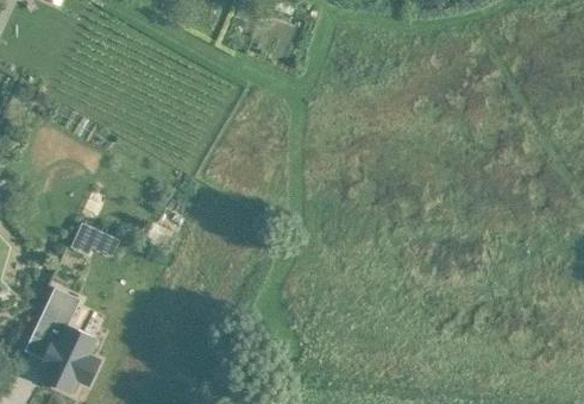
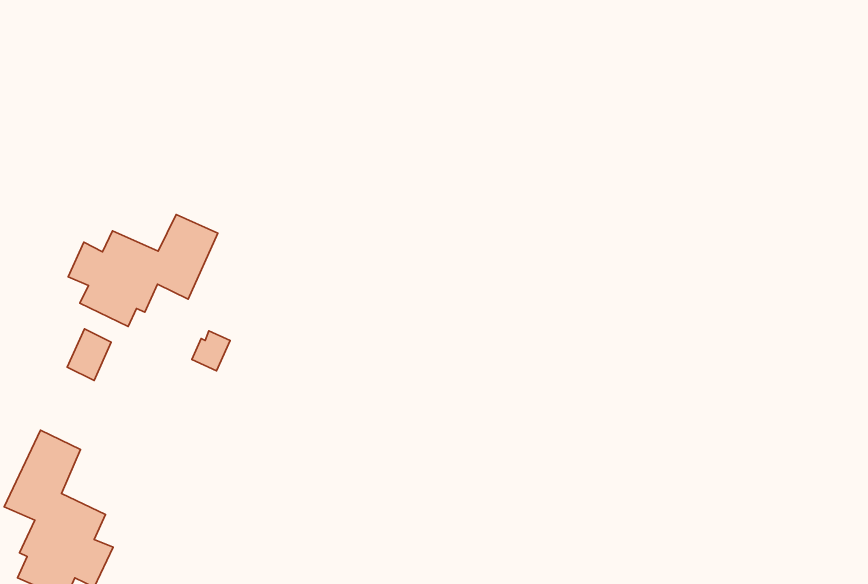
building: none -> [68,215,218,326]

